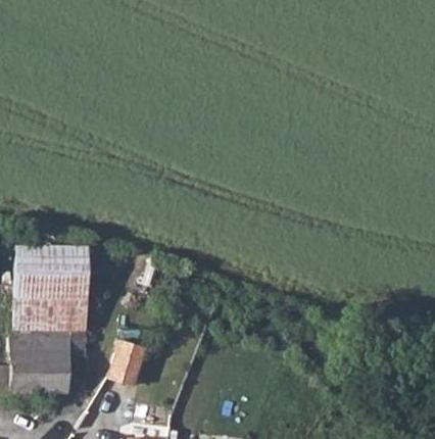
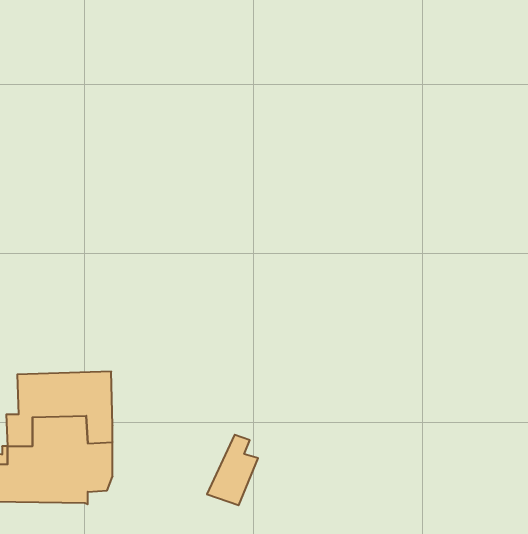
building: [14,244,85,296] -> none
building: [109,332,147,384] -> [207,435,258,505]

